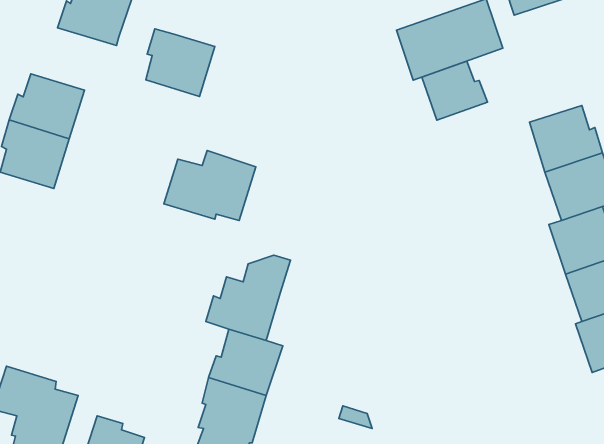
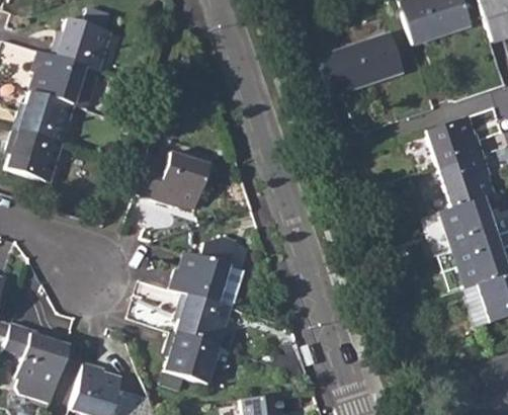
building: [146,29,215,96] -> [31,51,86,104]
building: [422,61,488,120] -> none

